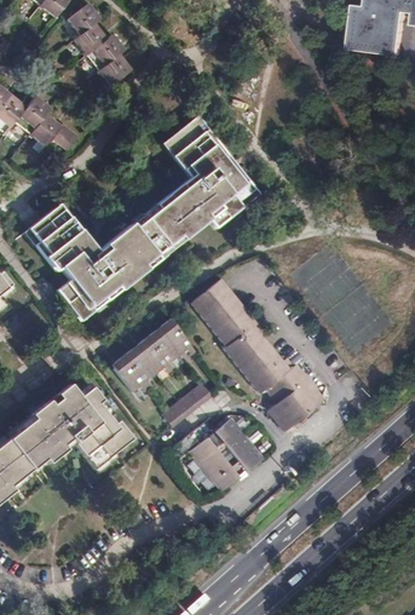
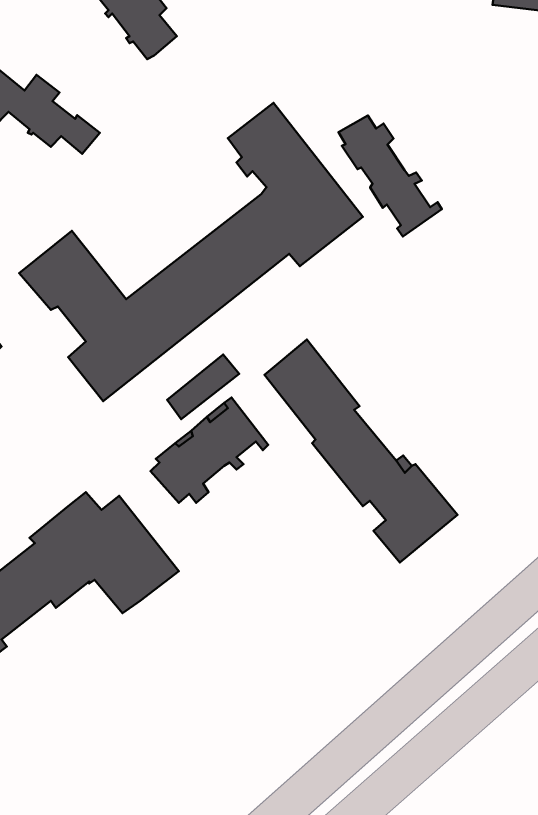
building: none -> [339,116,442,237]
building: [162,381,212,426] -> [167,354,239,419]
building: [168,418,261,490] -> none

